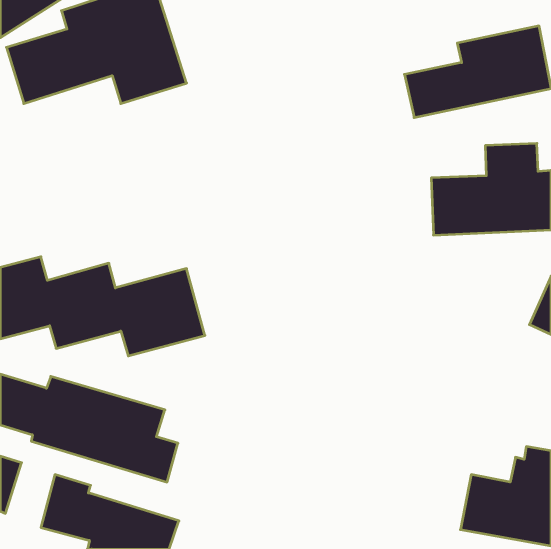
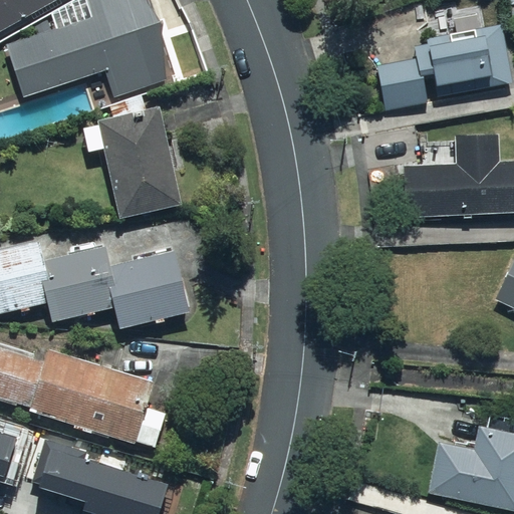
building: none -> [83,107,184,219]

